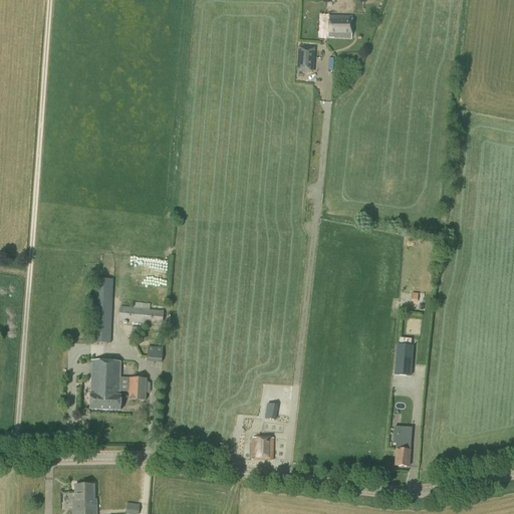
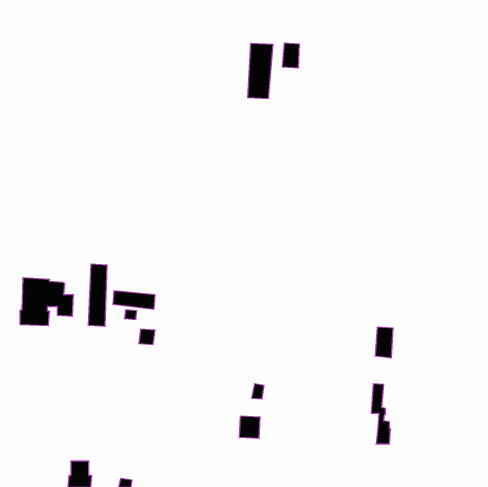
building: [329,14,352,37] -> none
building: none -> [248,43,273,99]
building: [90,359,147,410] -> [20,278,74,326]

